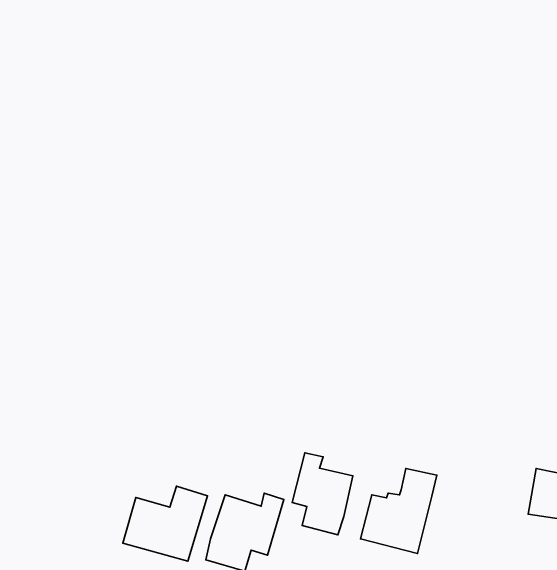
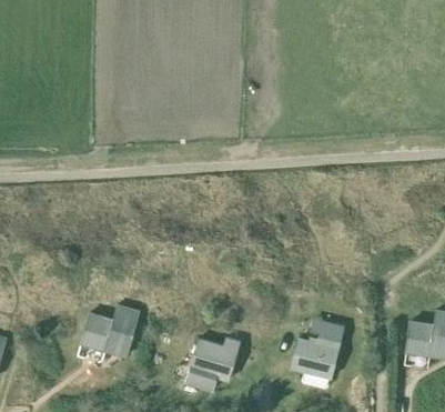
building: [292,453,353,535] -> none
building: [123,486,207,561] -> [81,305,139,356]

